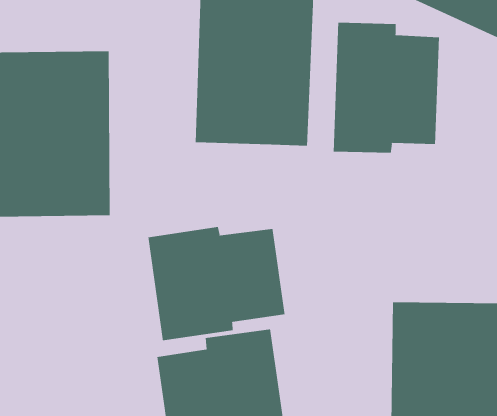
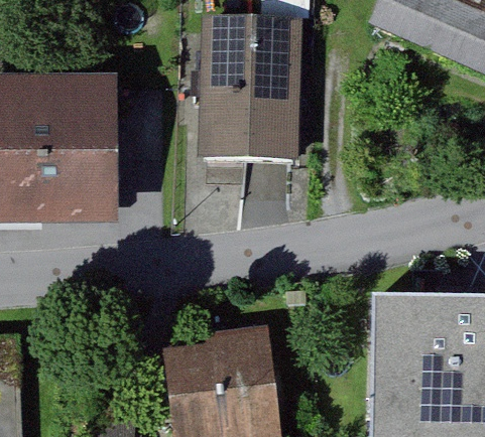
building: [333,22,439,154] -> none
building: [148,226,285,341] -> none

